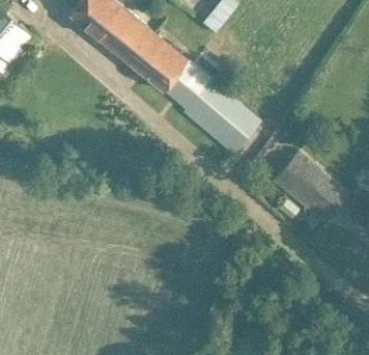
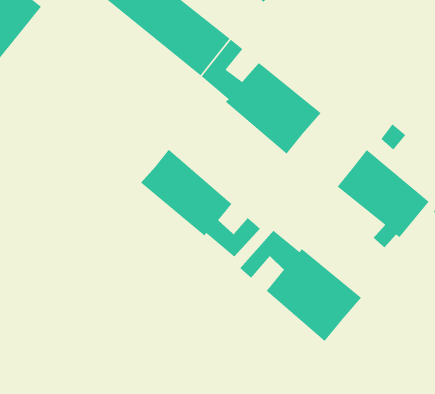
building: none -> [140,149,261,257]
building: none -> [239,230,362,342]

